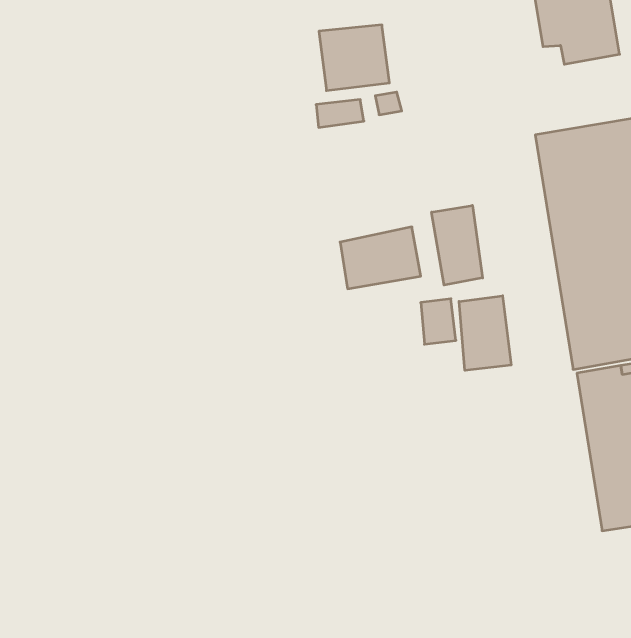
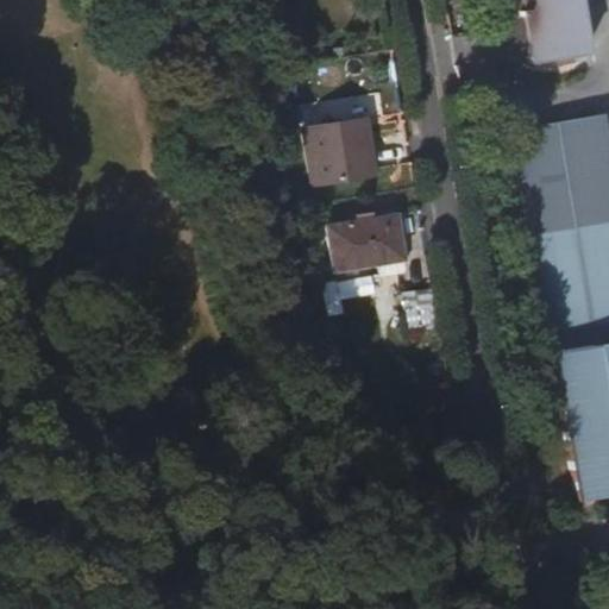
building: [319,25,389,91] -> [310,119,377,181]
building: [432,205,483,285] -> none
building: [459,296,511,370] -> none

